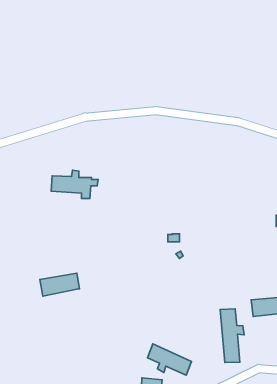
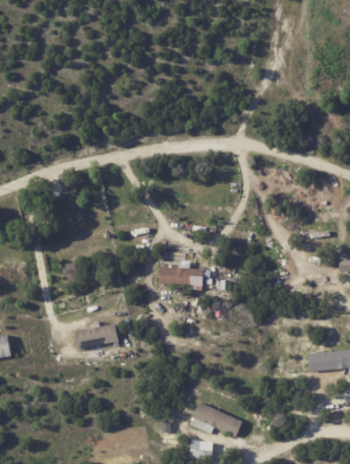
building: [51,170,98,199] -> [159,259,211,291]
building: [220,309,244,363] -> none

